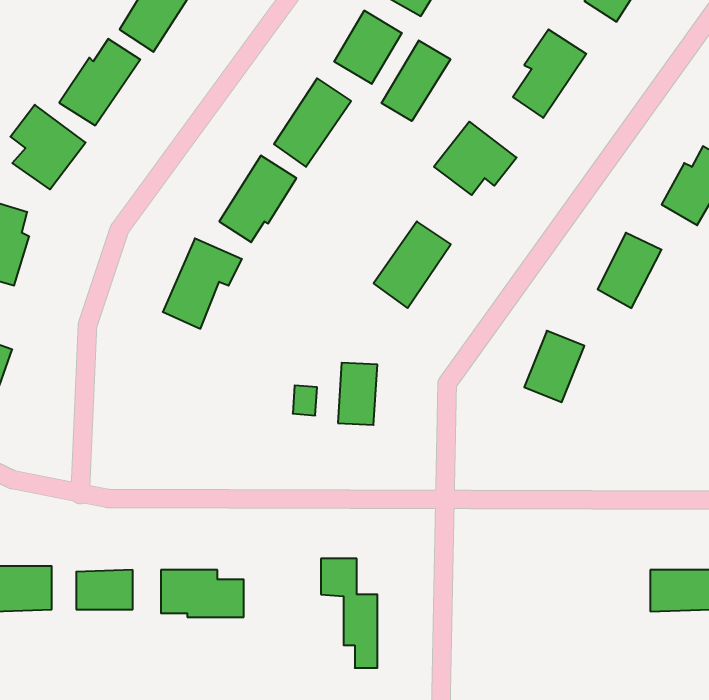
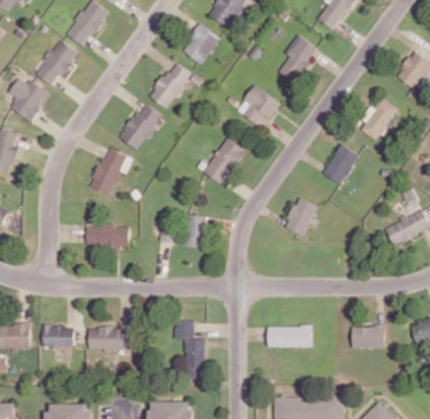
building: [382,40,450,121] -> none
building: none -> [86,225,130,247]
building: none -> [268,326,312,347]

